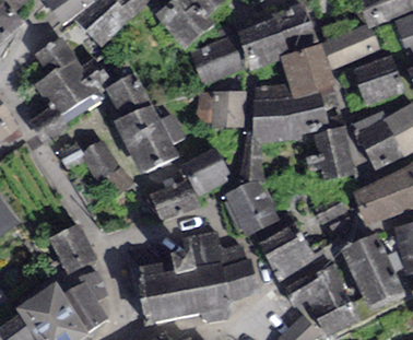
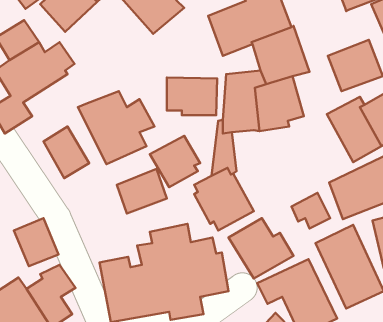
building: [321,24,380,69] -> none
building: [189,34,245,86] -> none
building: [105,72,152,116] -> none
building: [314,125,356,179] -> none

